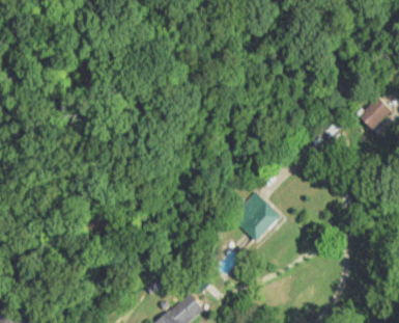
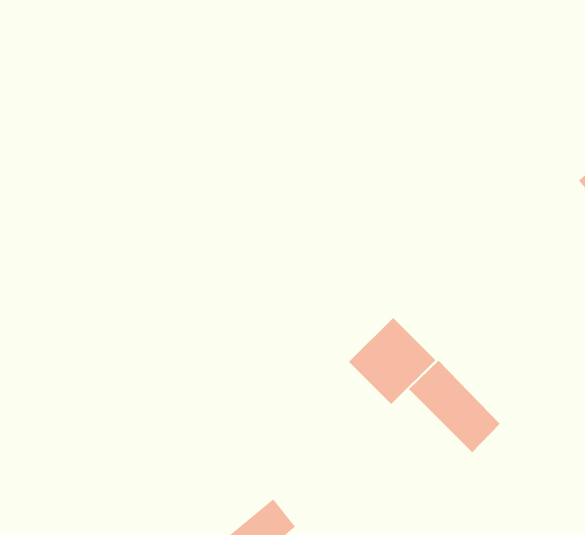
building: none -> [408,360,500,453]

